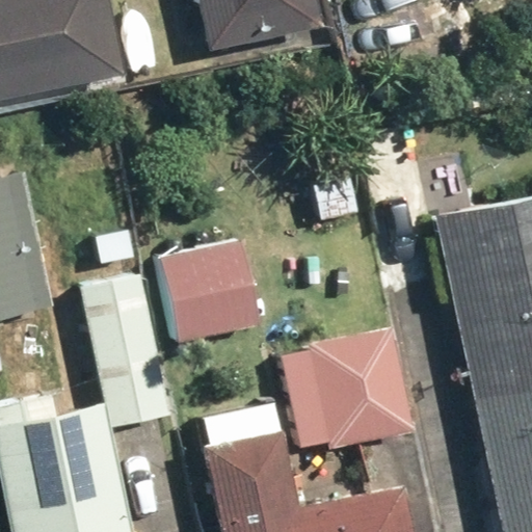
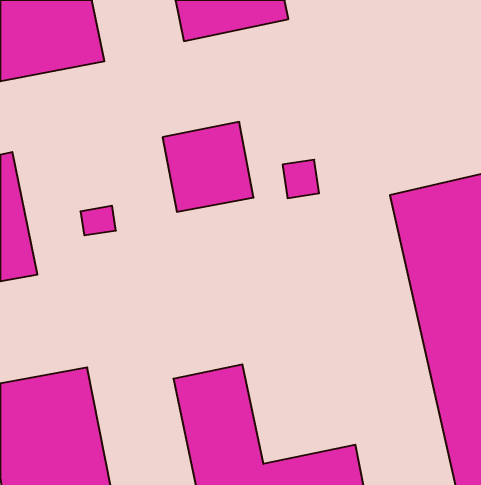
building: [160,240,259,338] -> [163,122,254,212]
building: [84,275,169,425] -> none
building: [277,327,410,455] -> none

